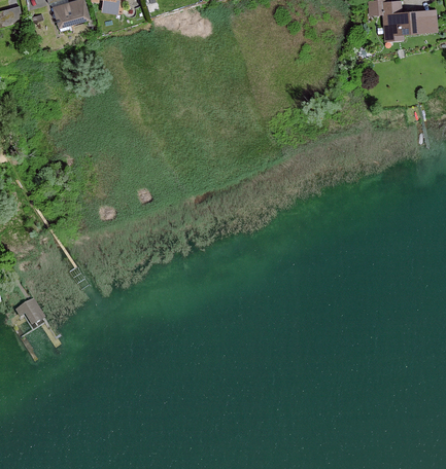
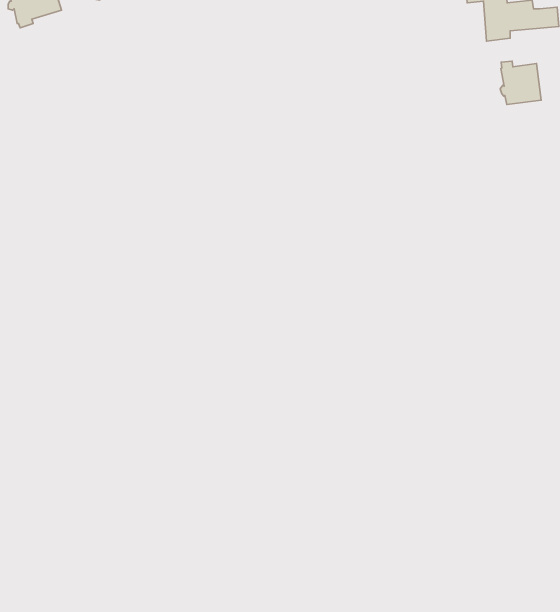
building: none -> [500,61,541,104]

